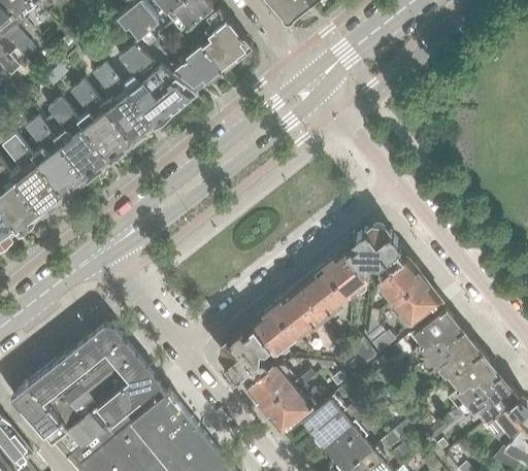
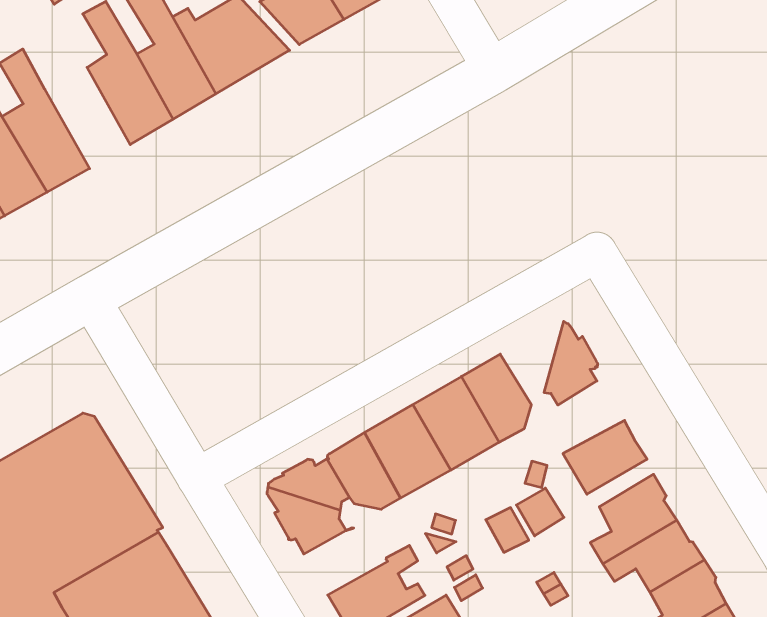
building: [47,99,109,179] -> none
building: [343,227,377,278] -> none
building: [381,259,422,304] -> none
building: [246,366,296,407] -> none

